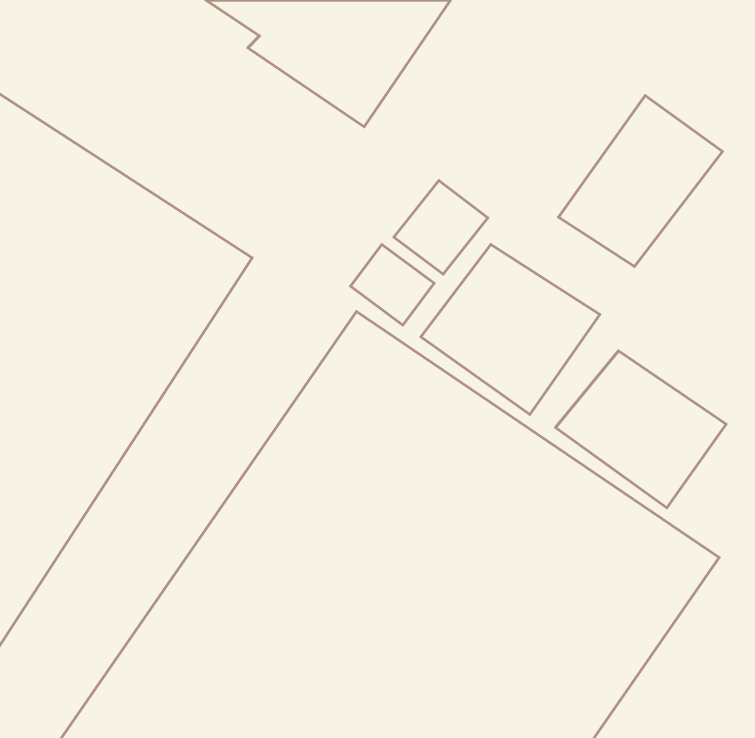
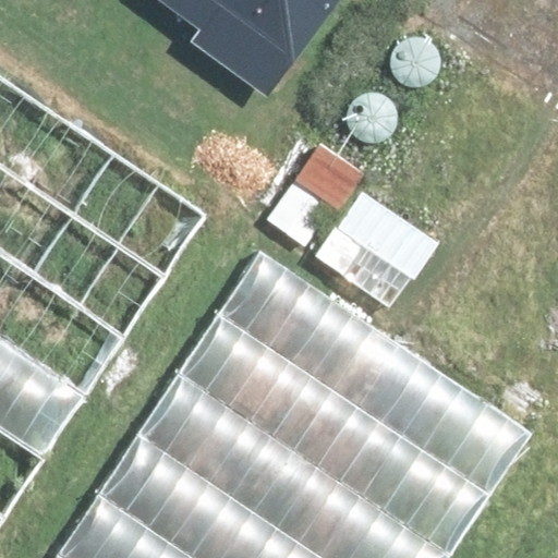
building: [559,95,722,266] -> none
building: [555,351,726,508] -> none

